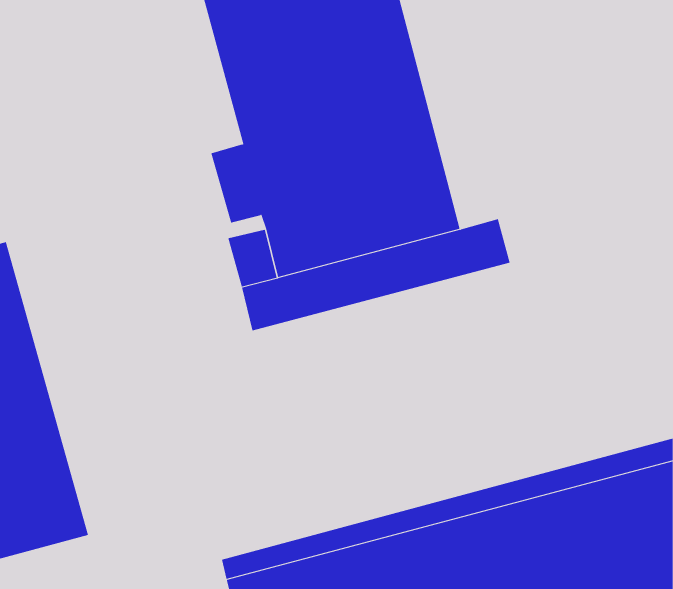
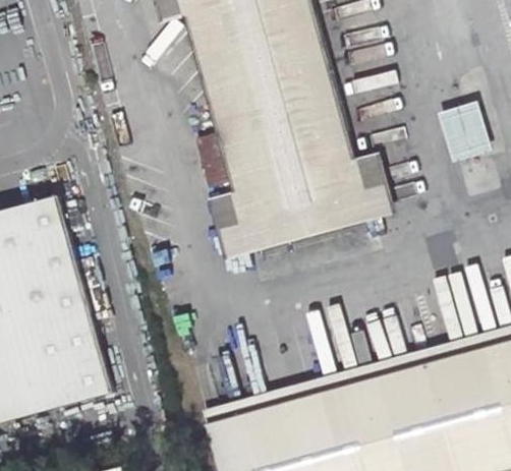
building: none -> [437,104,490,163]
building: none -> [353,153,387,190]

